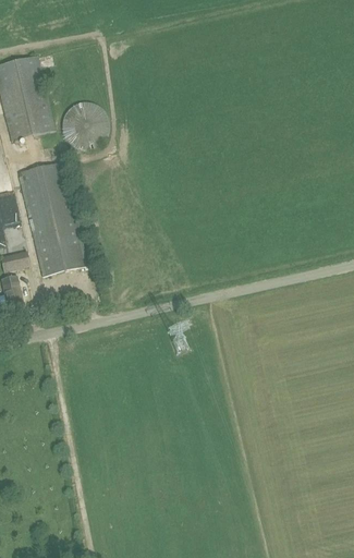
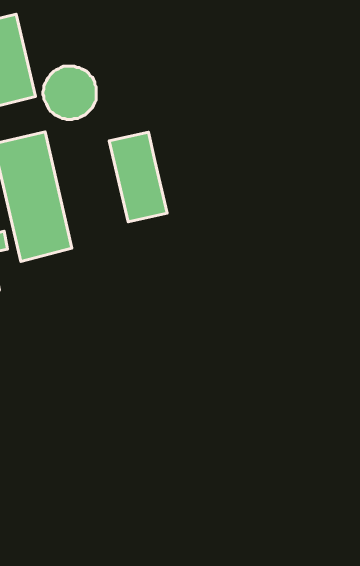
building: none -> [109,132,167,222]

